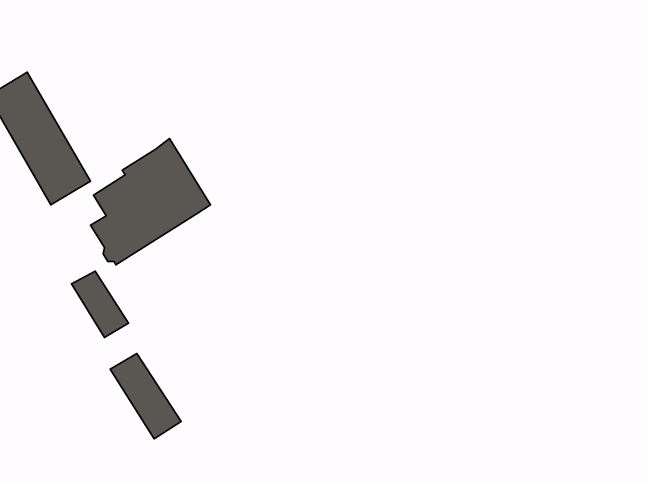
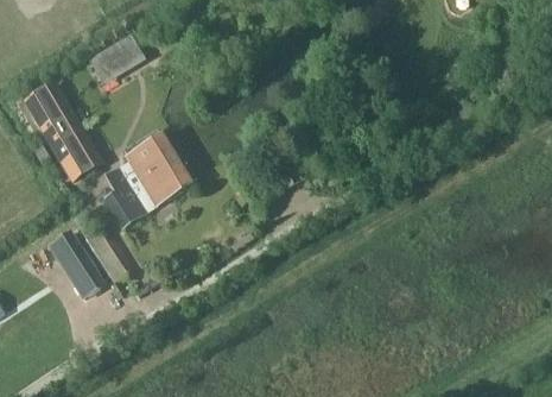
building: none -> [102,36,144,76]
building: [110,353,181,439] -> [49,233,102,297]

